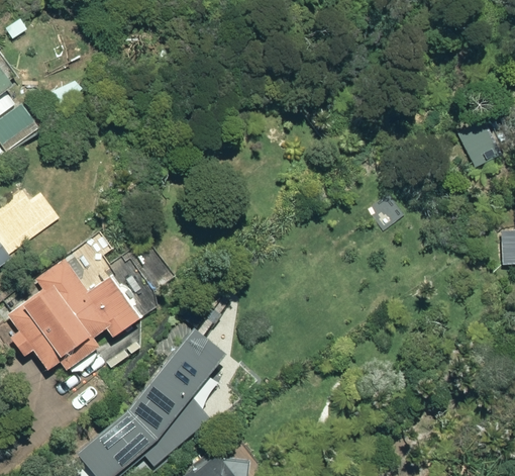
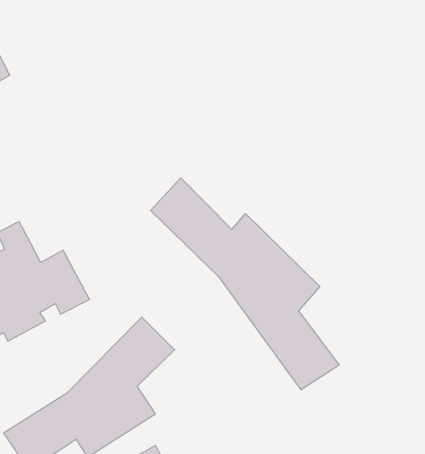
building: none -> [151,178,339,390]

